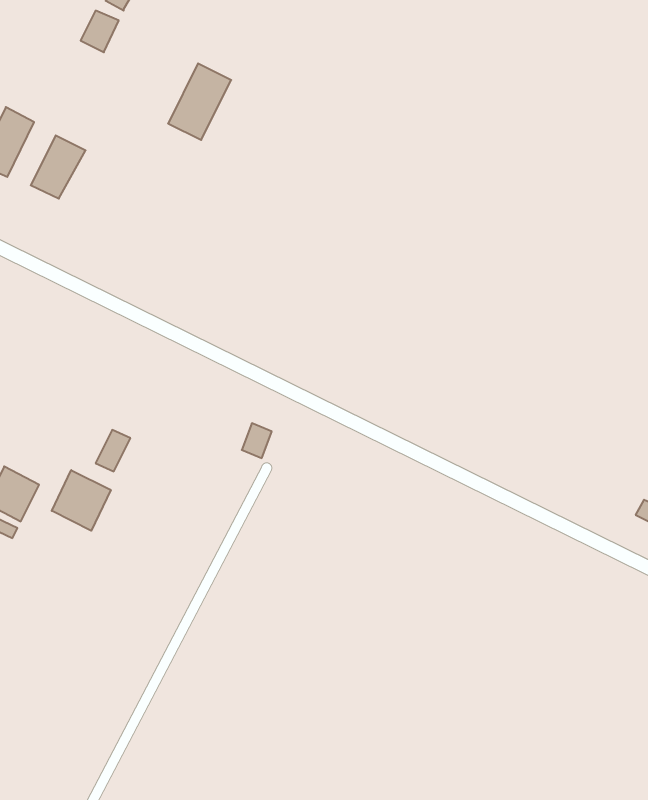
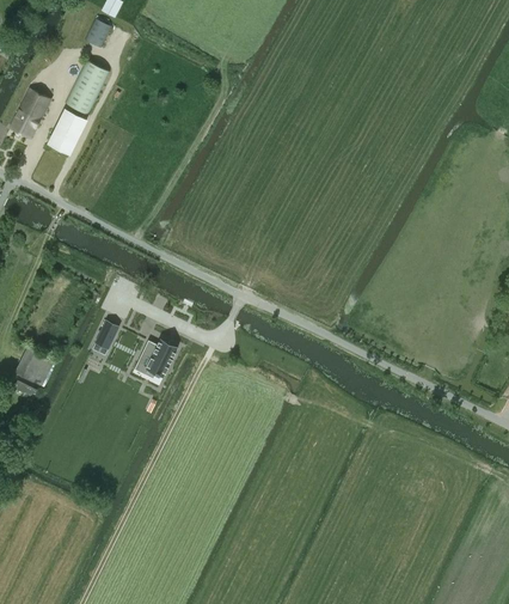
building: [168,63,231,140] -> [63,61,109,116]
building: none -> [146,337,178,376]
building: [52,470,111,531] -> none

